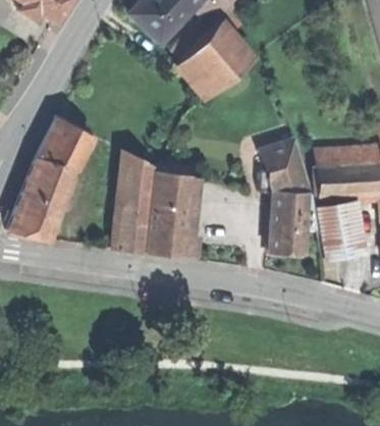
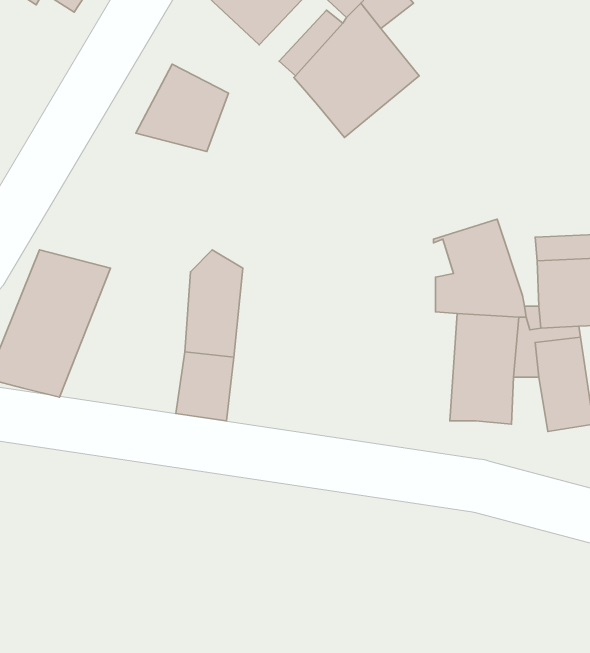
building: [38,118,90,167] -> [136,64,229,151]
building: [147,172,192,257] -> none

